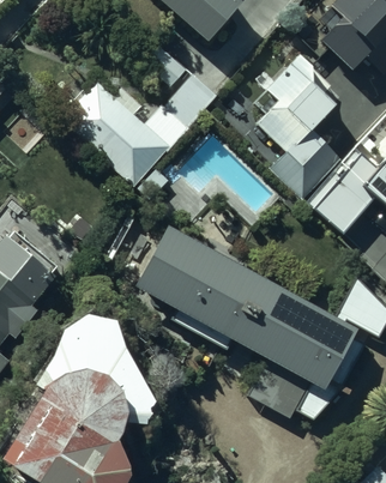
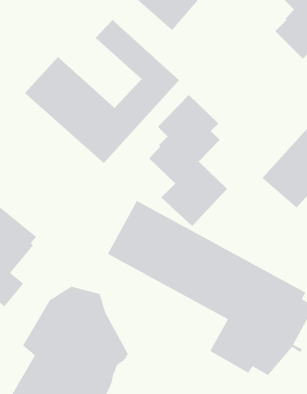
building: [255,53,343,199] -> [148,94,228,227]

